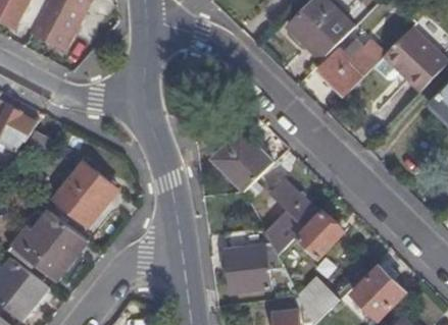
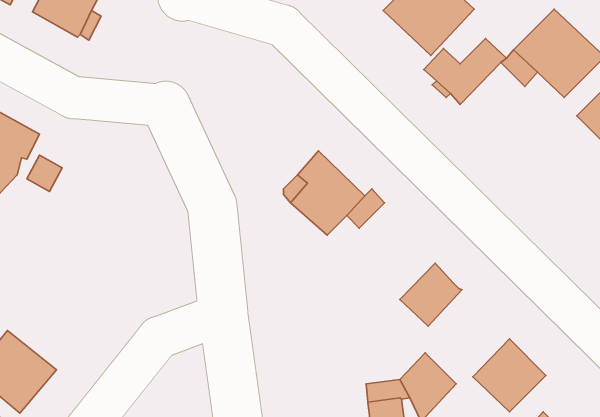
building: [54,163,115,225] -> none
building: [266,178,317,225] -> none
building: [13,211,85,277] -> none
building: [226,228,282,292] -> none

